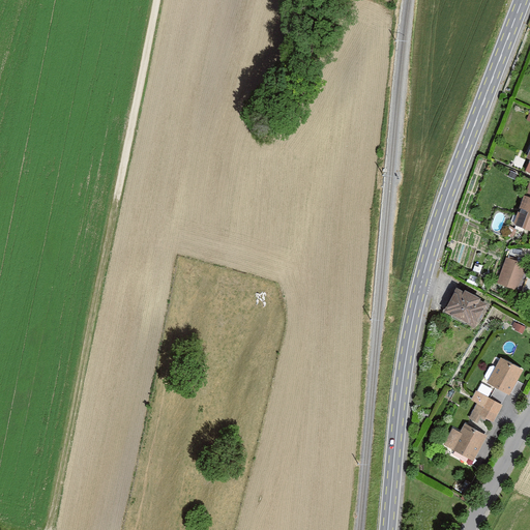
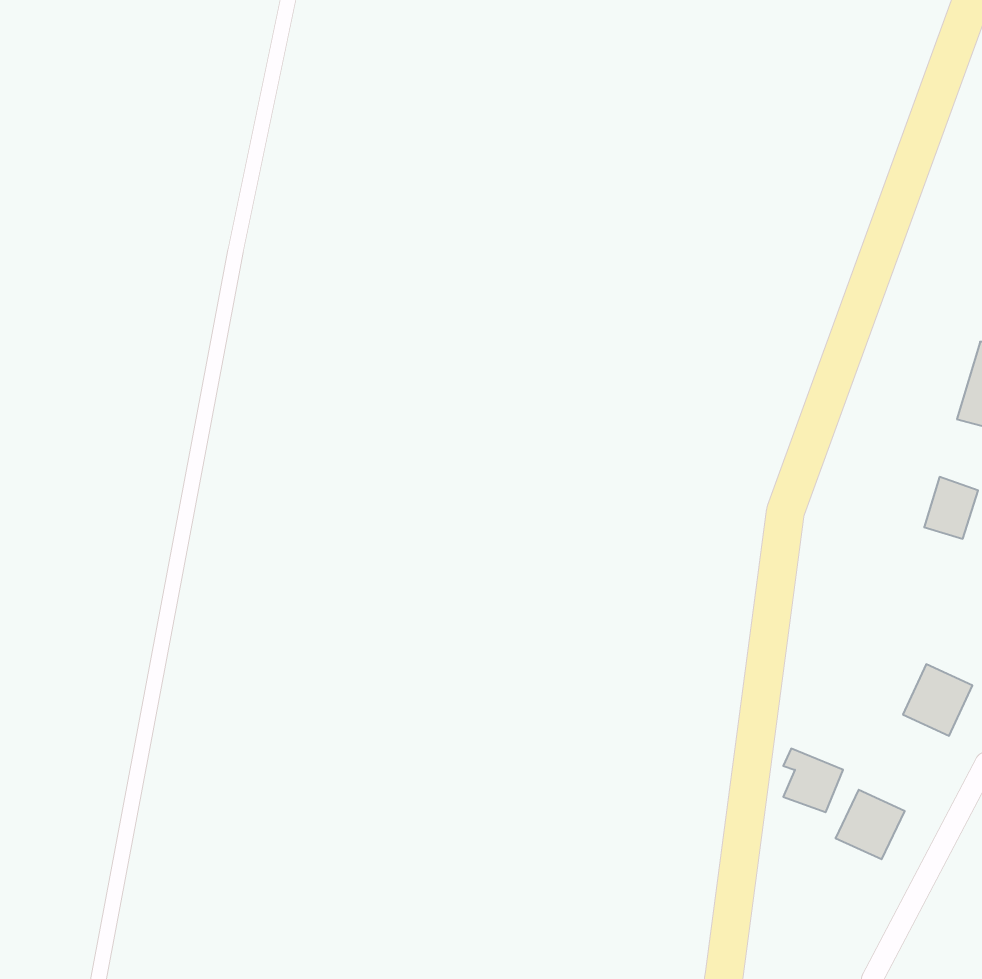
building: [444,288,488,327] -> none
building: [471,392,503,426] -> [783,749,843,812]

